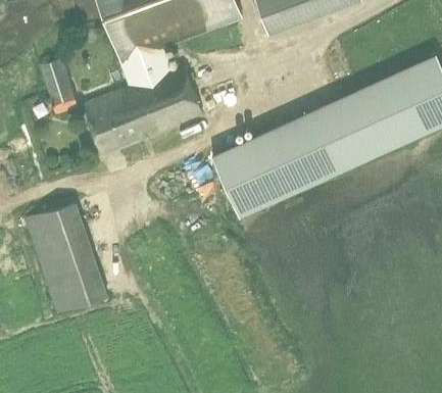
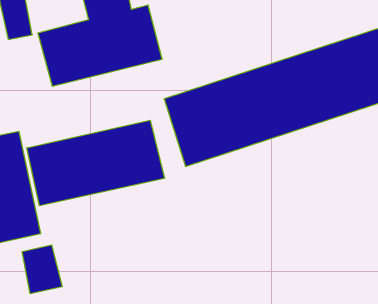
building: none -> [27,120,165,206]
building: none -> [22,245,62,294]

